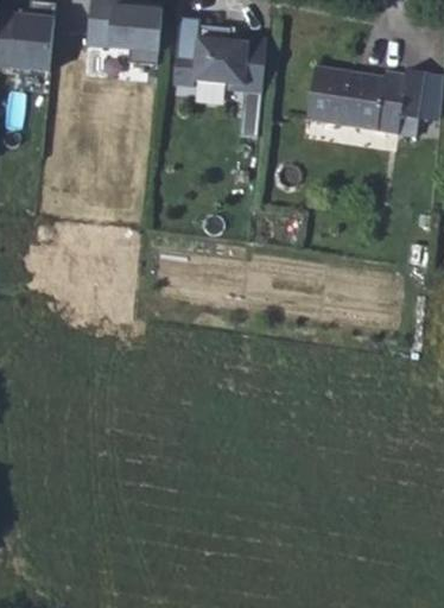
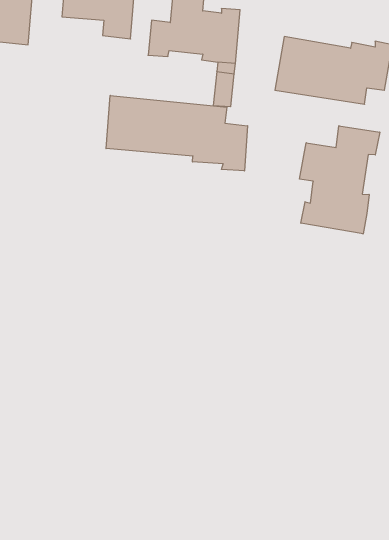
building: none -> [106,95,248,171]
building: none -> [300,126,380,234]

